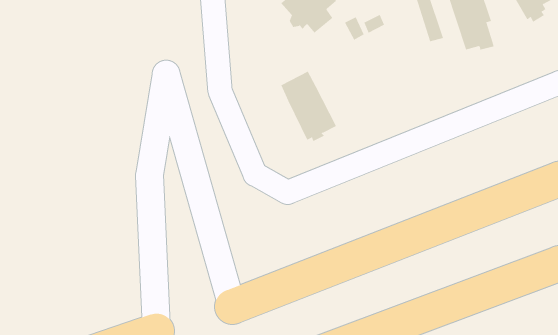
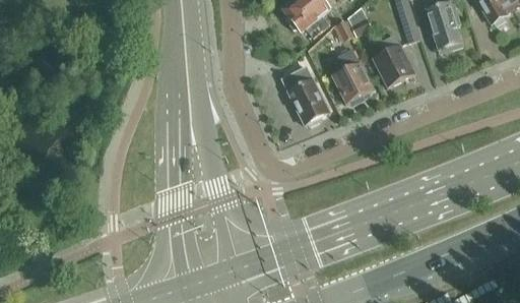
building: none -> [374,36,412,86]
building: none -> [333,49,372,105]

